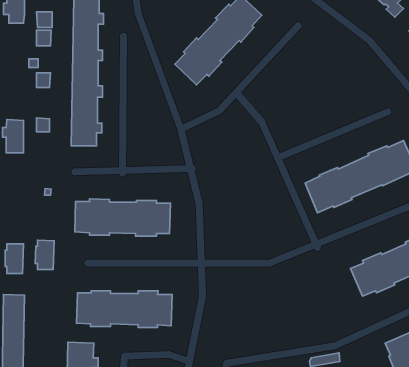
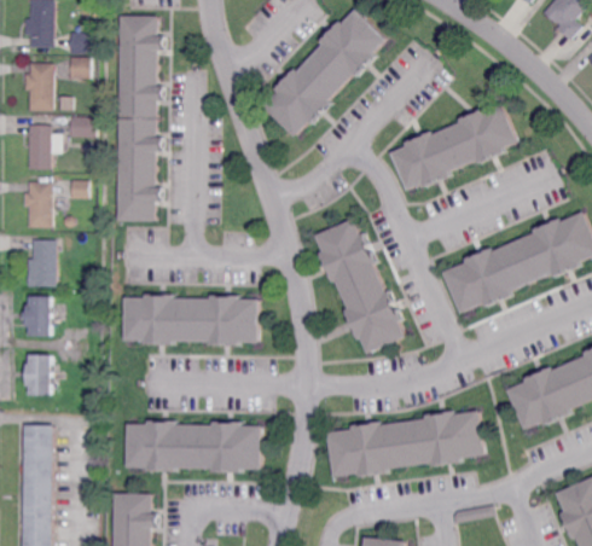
building: none -> [24,65,53,114]
building: none -> [389,105,516,190]
building: none -> [29,127,52,172]
building: none -> [314,221,402,353]
building: none -> [27,242,57,289]
building: [35,240,54,270] -> [25,297,52,338]
building: none -> [326,412,482,477]

